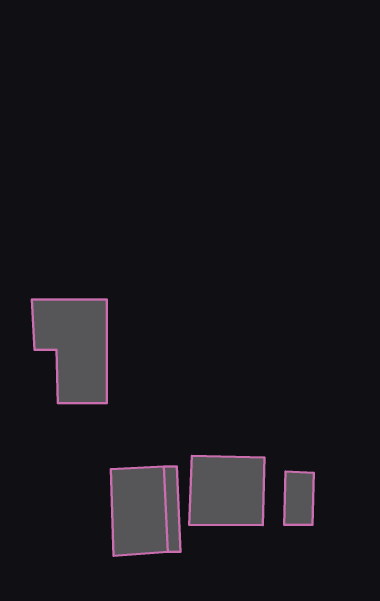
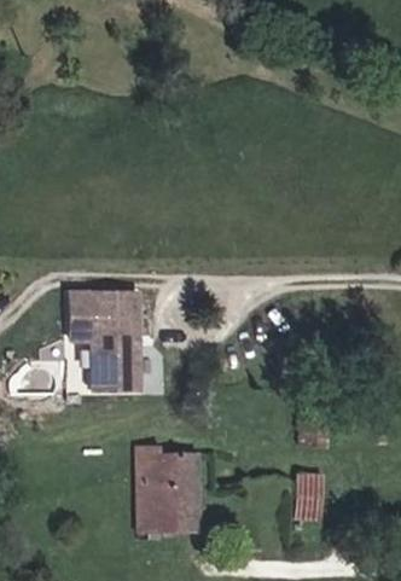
building: [189,456,265,525] -> none

